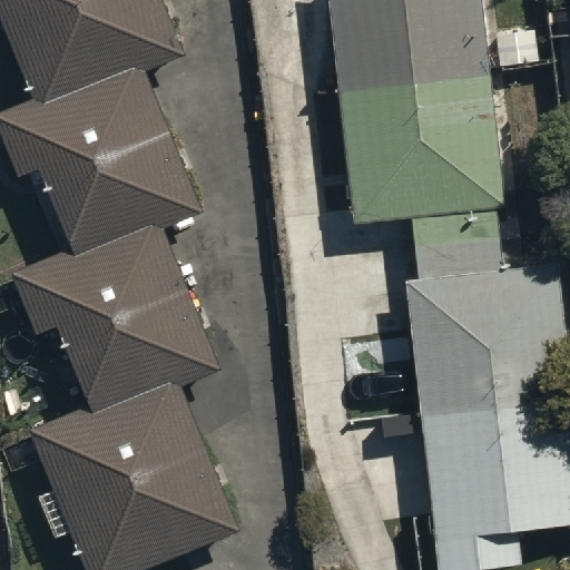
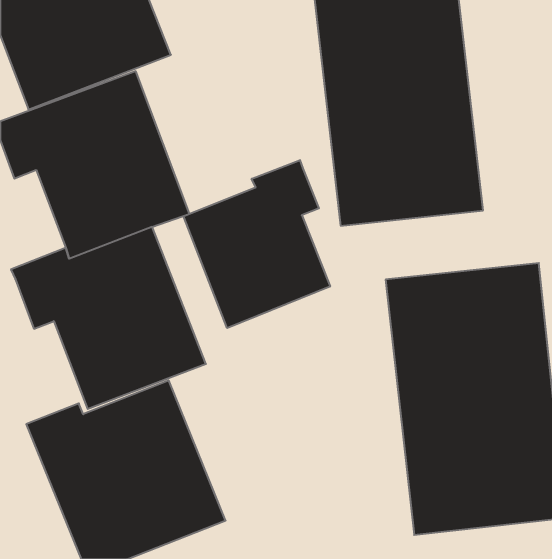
building: none -> [183,160,330,328]

